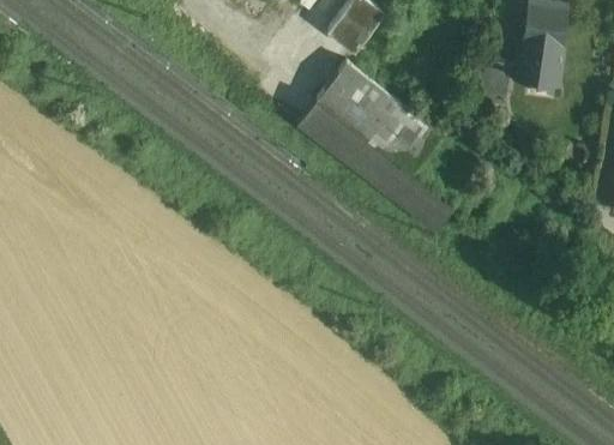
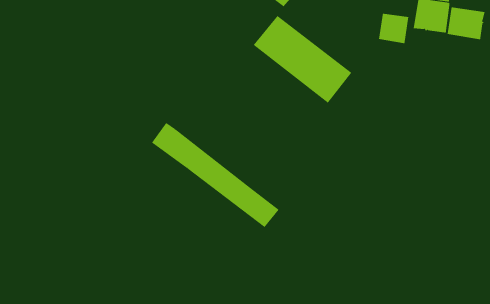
building: none -> [447,6,485,40]
building: [285,92,445,224] -> [151,122,279,228]

